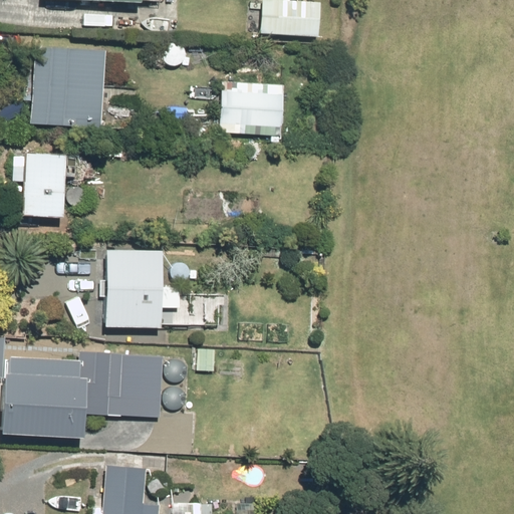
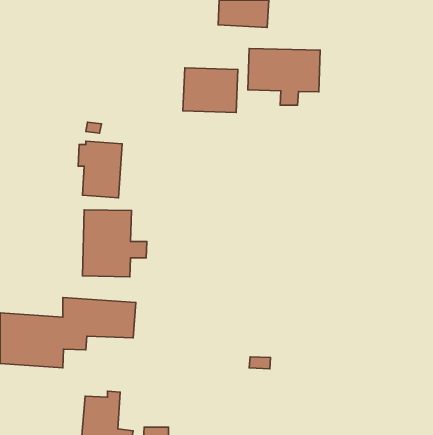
building: [30,45,105,127] -> none
building: none -> [248,48,320,105]
building: [14,151,65,217] -> [78,141,122,198]

